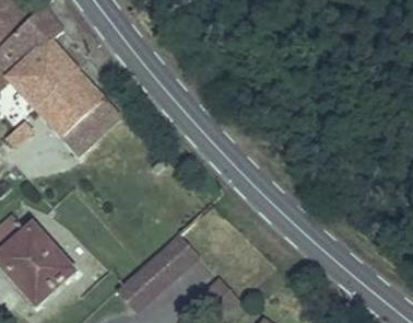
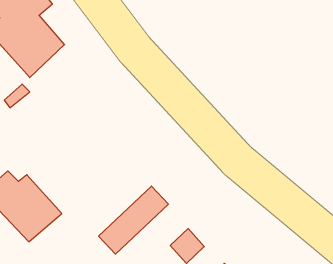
building: [35,67,118,151] -> none

